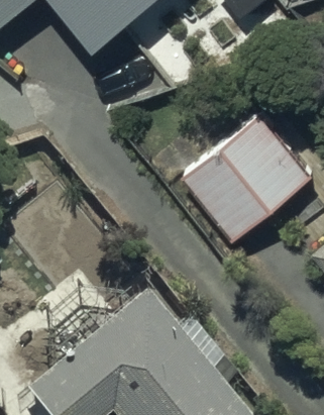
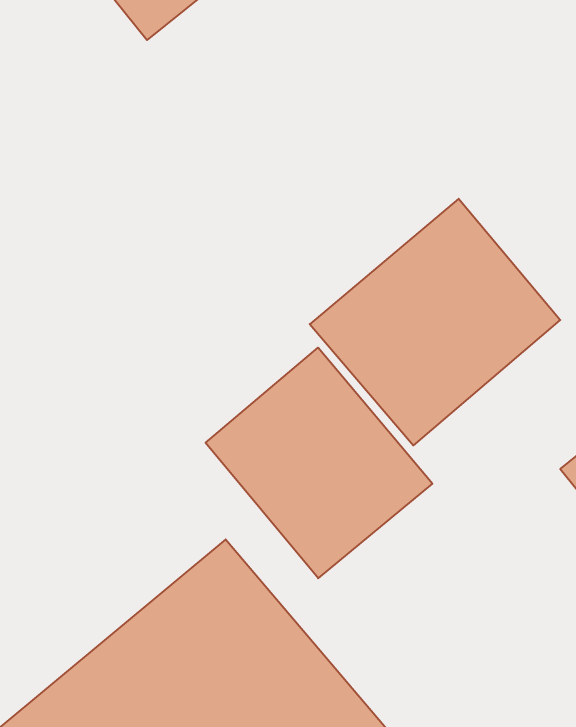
building: none -> [206,348,432,578]

